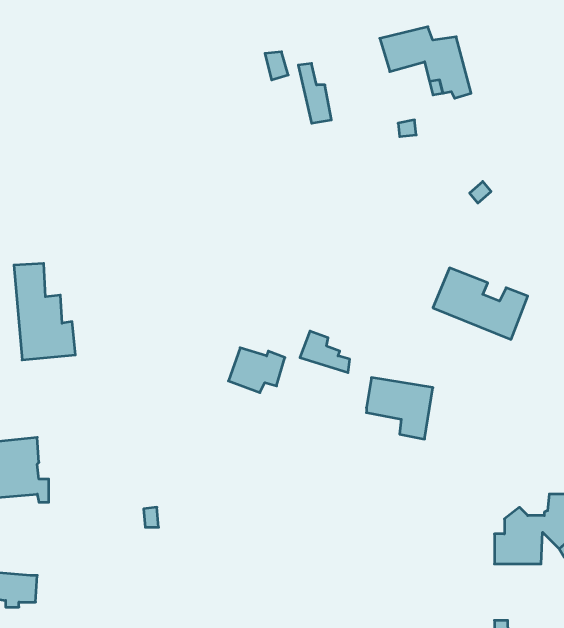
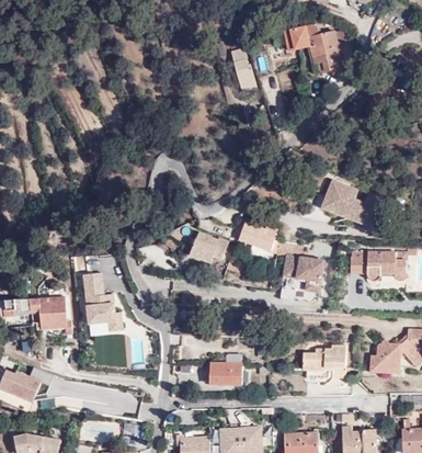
building: [14,263,75,360] -> [85,273,126,337]
building: none -> [350,254,406,283]
building: none -> [298,341,344,375]
building: none -> [208,365,240,386]

